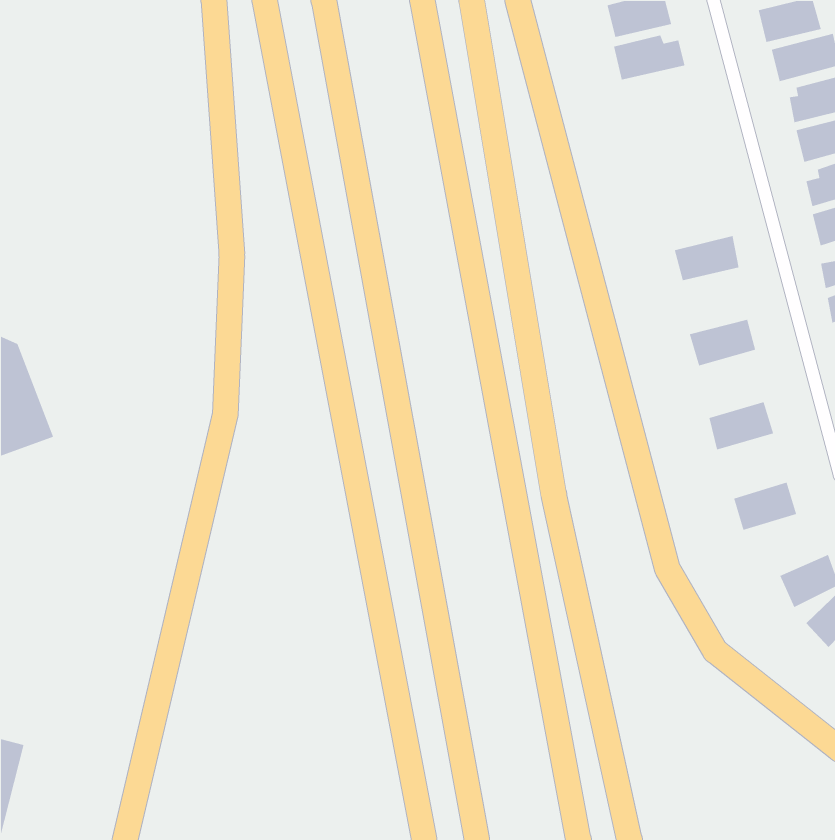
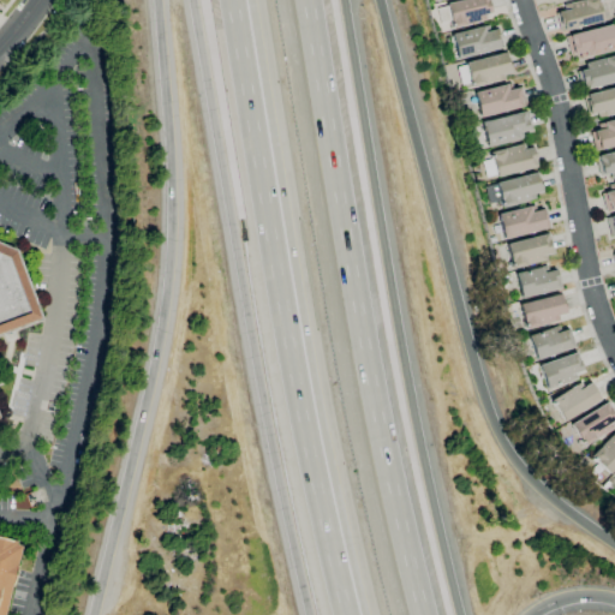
building: none -> [466,52,514,86]
building: none -> [474,83,527,117]
building: none -> [482,112,532,148]
building: none -> [492,144,539,175]
building: none -> [498,207,550,239]
building: none -> [517,264,562,298]
building: none -> [531,328,575,358]
building: none -> [553,378,602,422]

